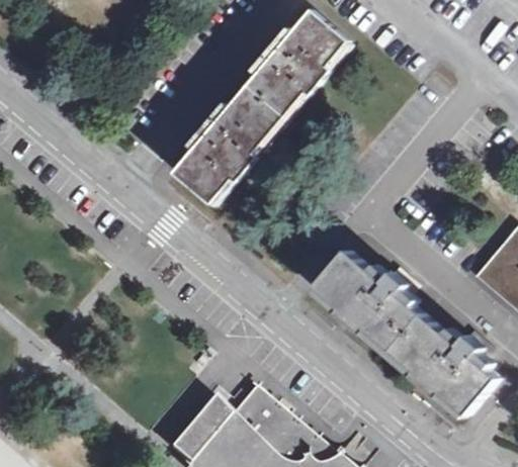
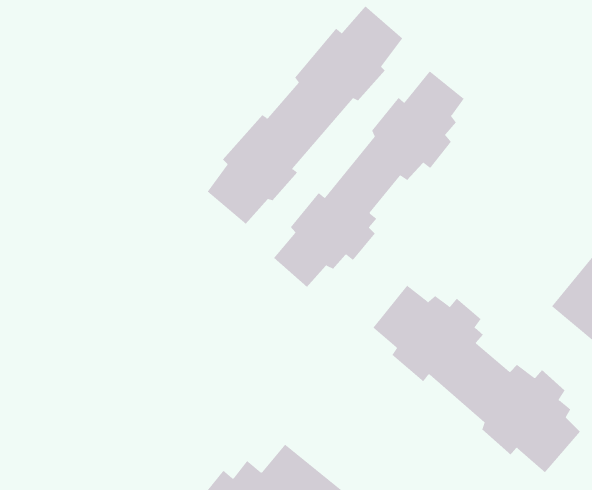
building: none -> [273,70,465,288]

